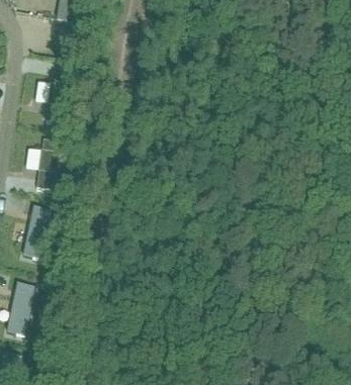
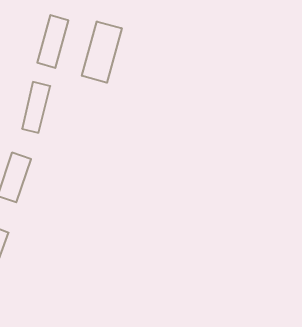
building: none -> [82,21,122,83]

